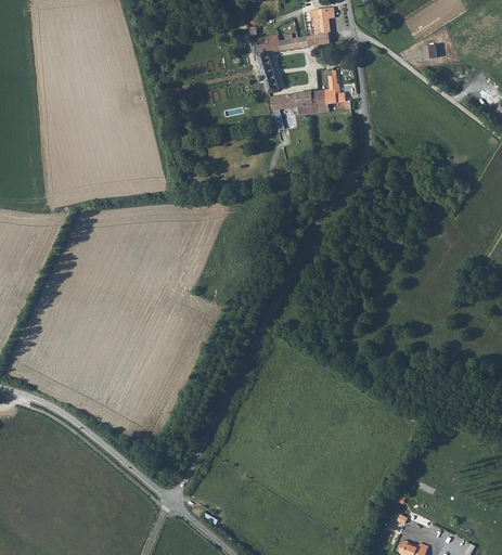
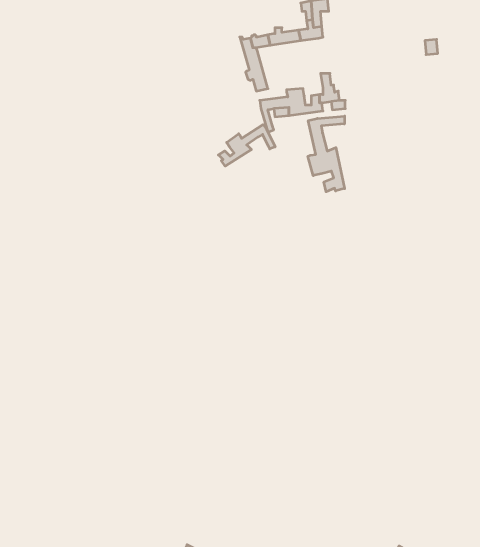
building: none -> [308,116,345,192]
building: none -> [218,125,275,166]

